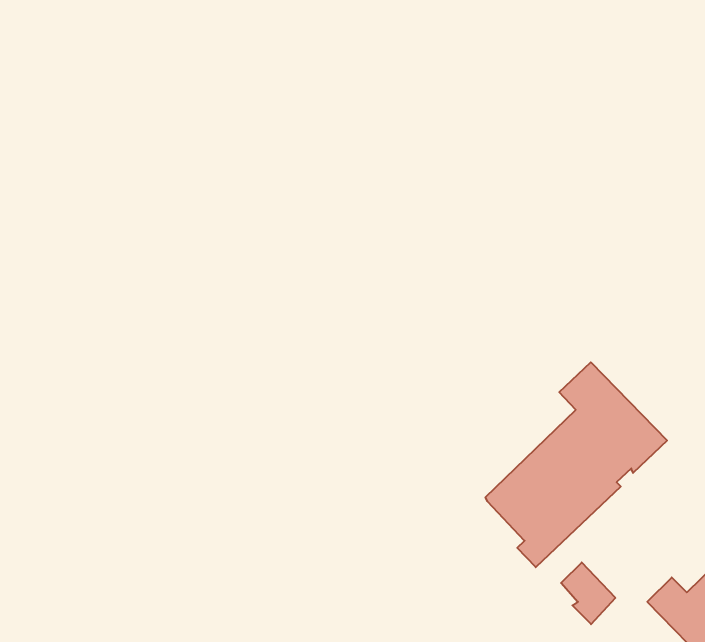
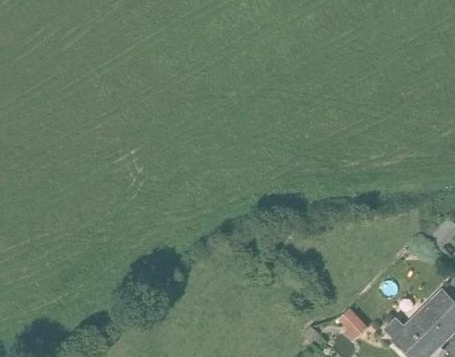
building: [486,362,667,567] -> none

